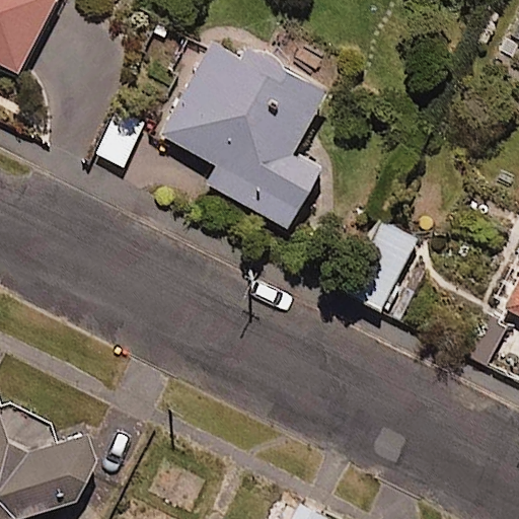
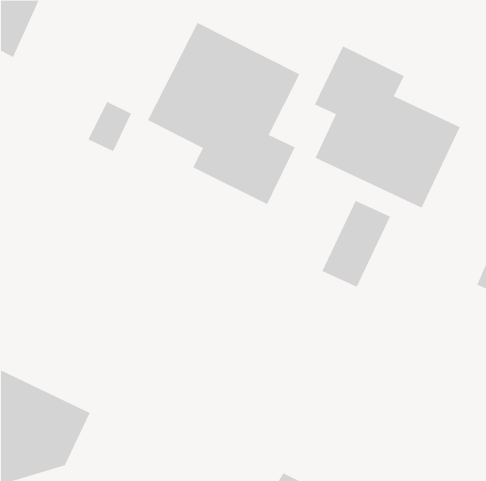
building: none -> [314,45,460,208]

